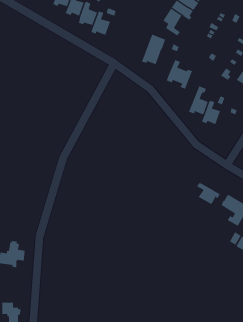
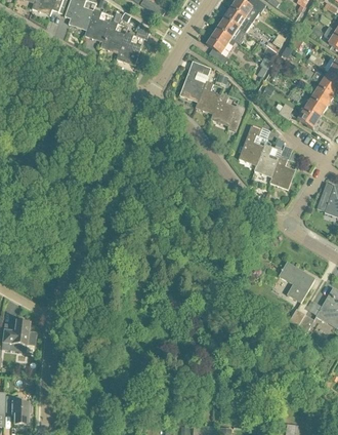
building: none -> [195,80,220,111]
building: none -> [269,155,295,187]
building: [196,182,220,205] -> none

